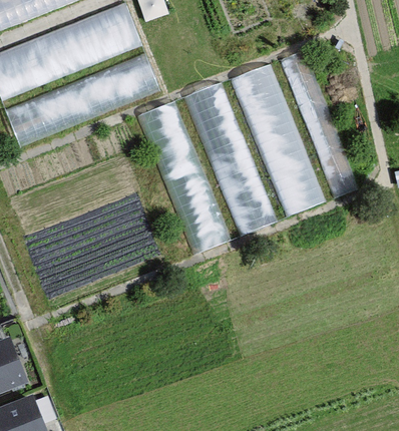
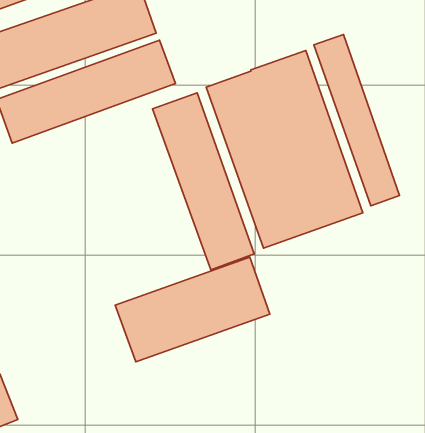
building: none -> [115,257,270,362]

